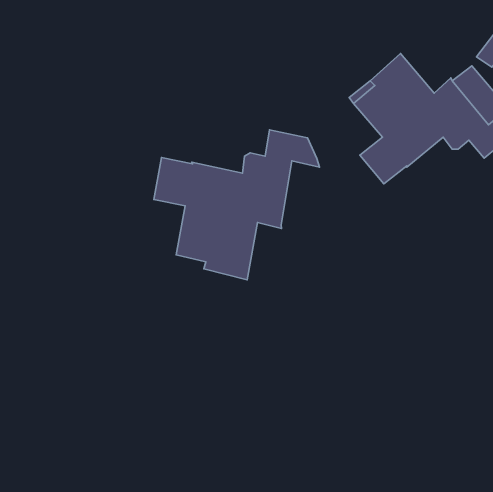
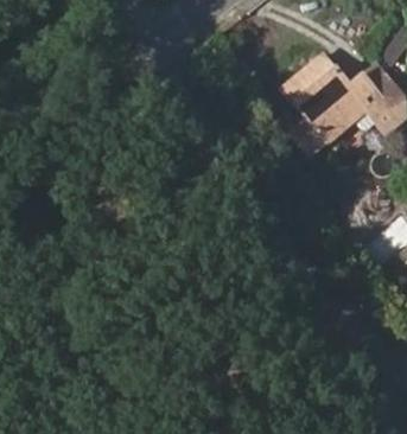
building: [154,130,319,280] -> none

